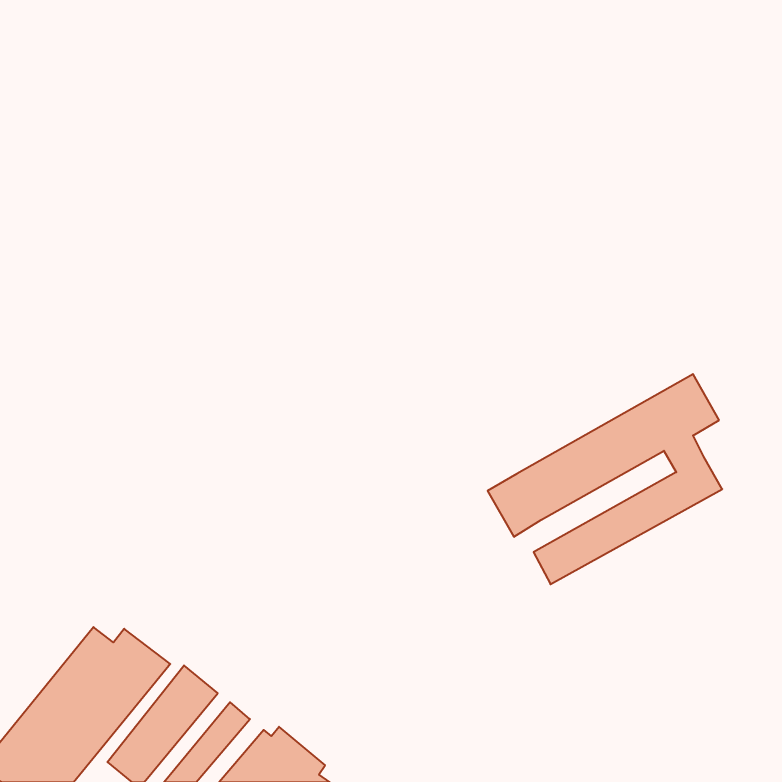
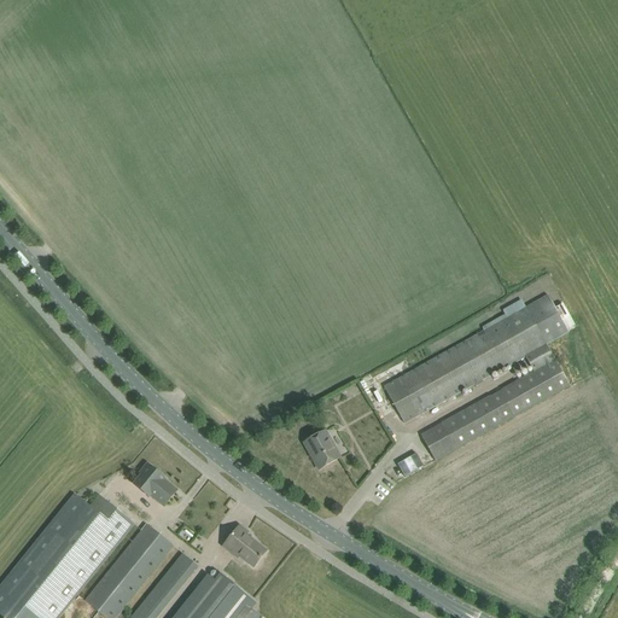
building: none -> [303,430,339,467]
building: none -> [133,464,176,506]
building: none -> [223,525,264,566]

